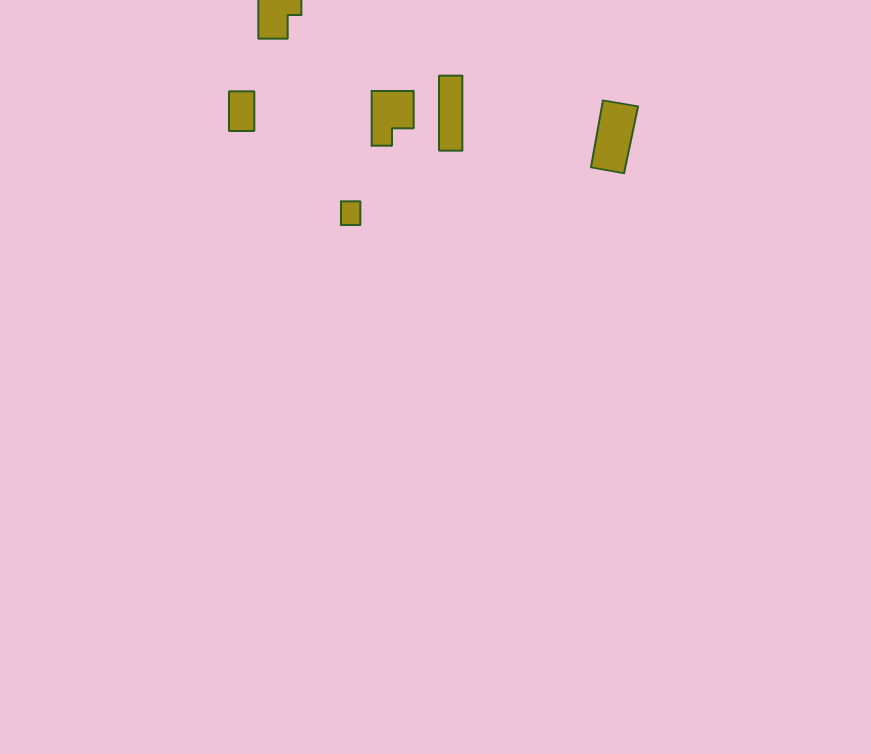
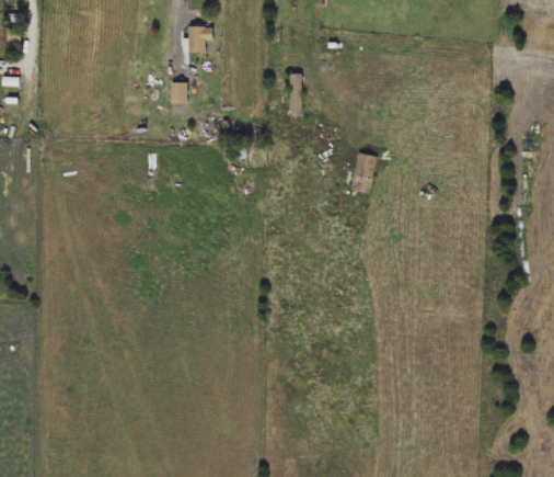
building: [372,91,413,146] -> none
building: [591,101,638,173] -> [350,152,377,193]

